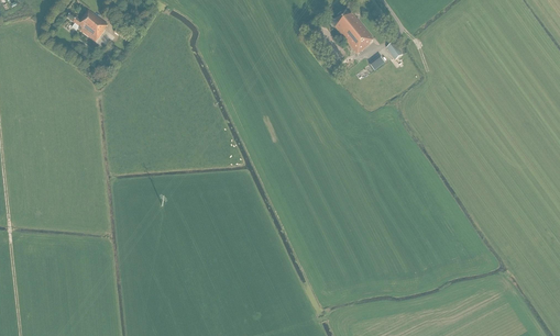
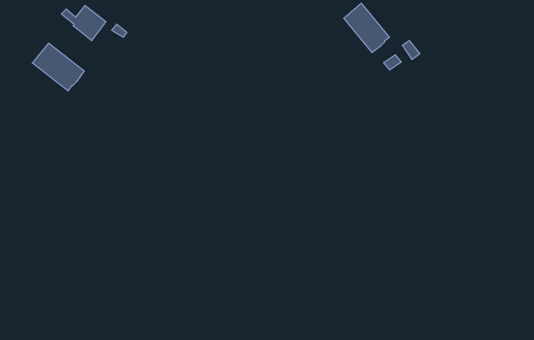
building: none -> [32,43,84,91]

